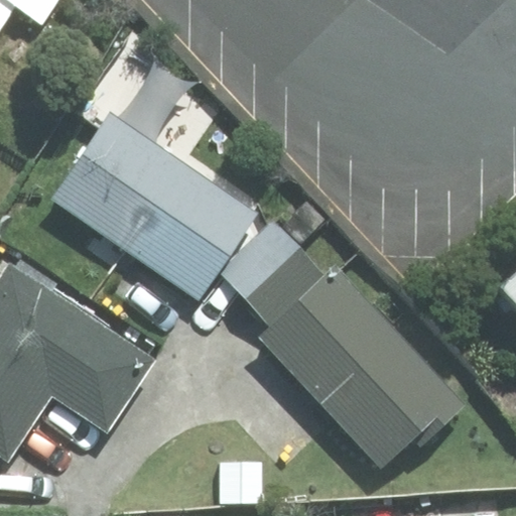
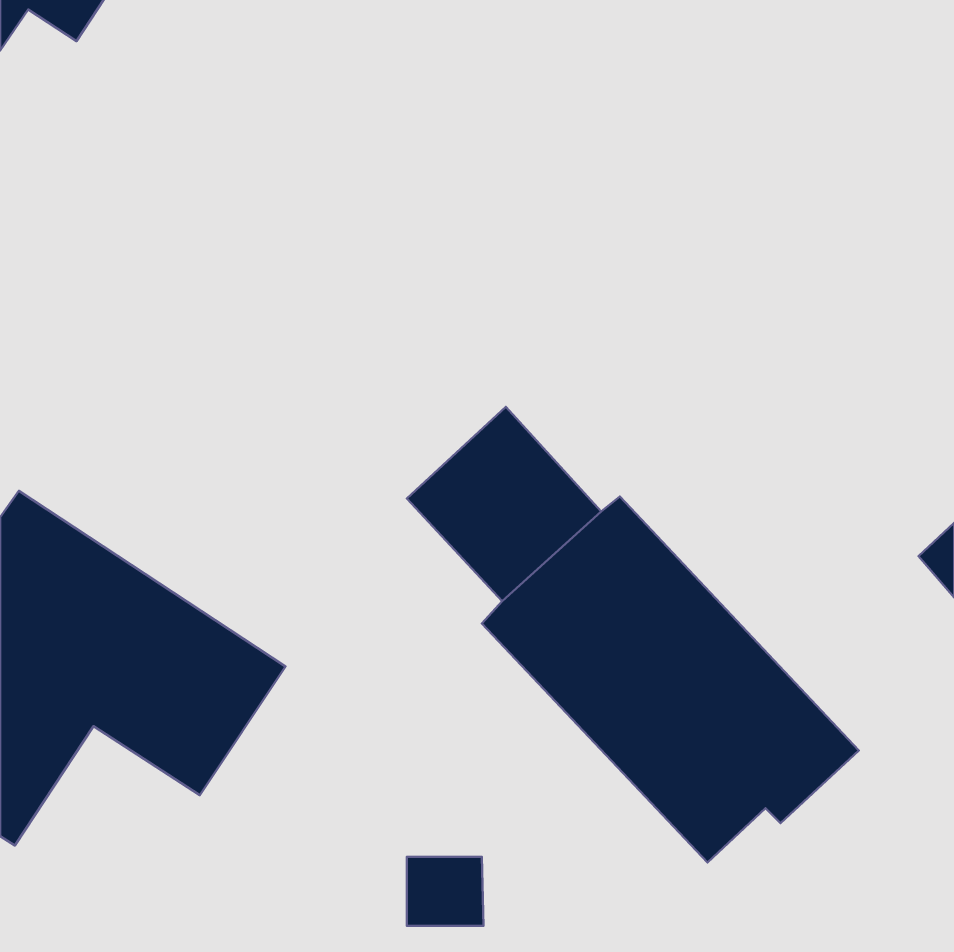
building: [53,115,255,295] -> none

